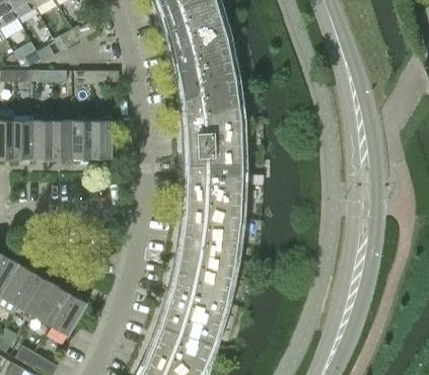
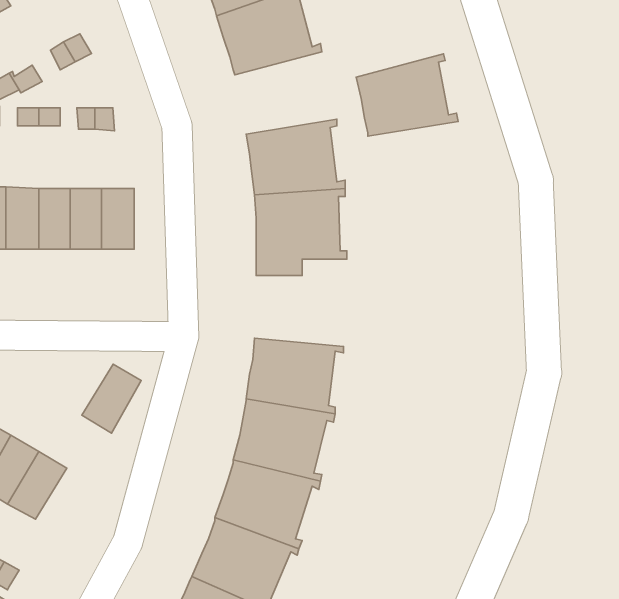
building: [173,38,236,88] -> [356,54,458,136]
building: [186,165,242,219] -> none
building: [51,294,87,336] -> [82,364,141,433]

